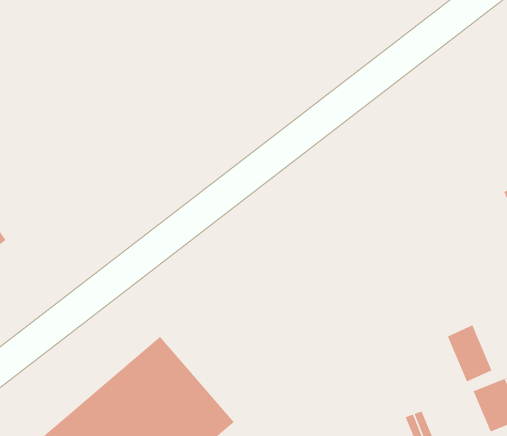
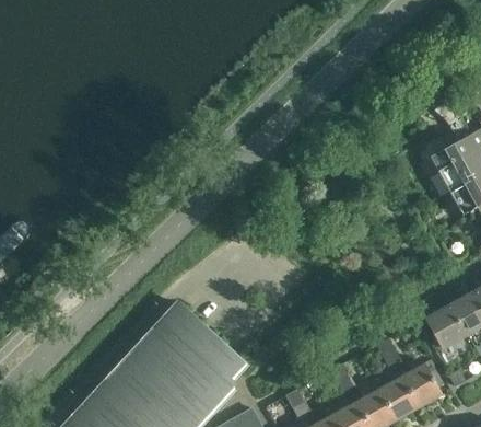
building: [447,324,493,383] -> none

